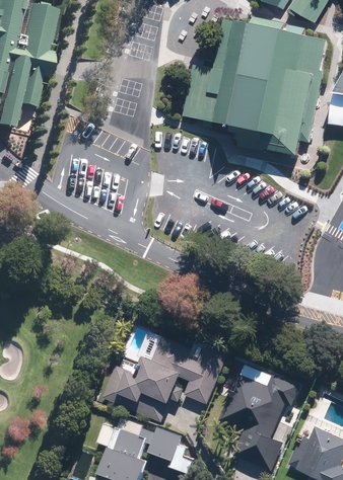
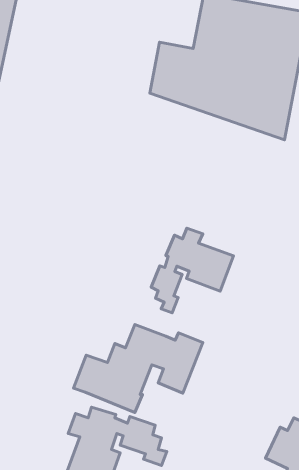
building: none -> [151,228,233,313]
building: [217,362,299,470] -> none

